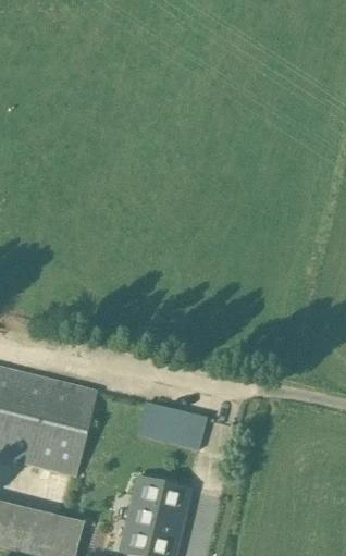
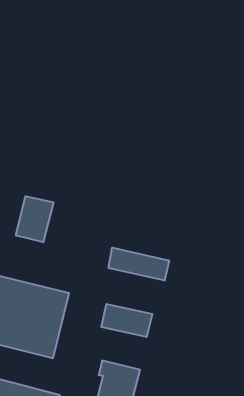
building: none -> [16,196,53,242]
building: none -> [108,248,169,281]

